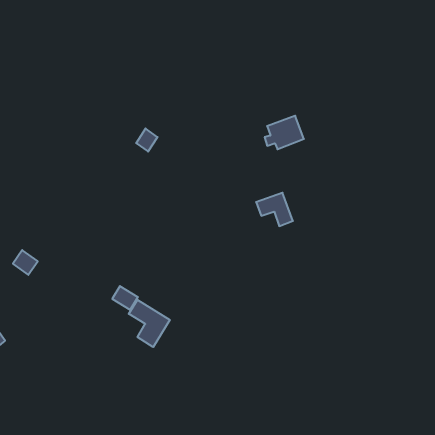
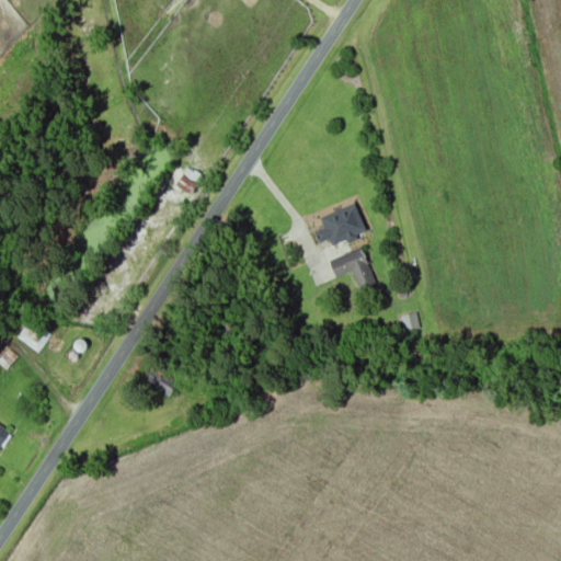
building: [265,116,304,149] -> [314,203,365,245]
building: [129,300,170,347] -> none

